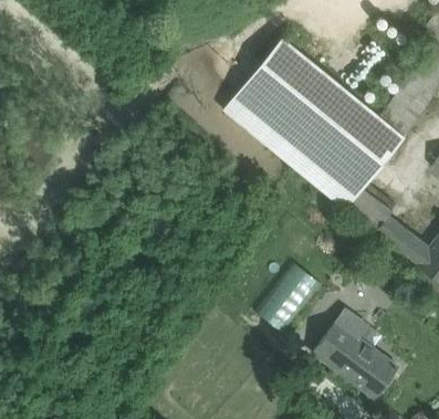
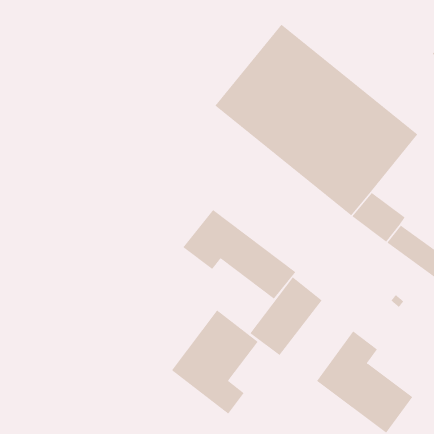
building: none -> [183,209,296,300]
building: none -> [171,310,258,414]

